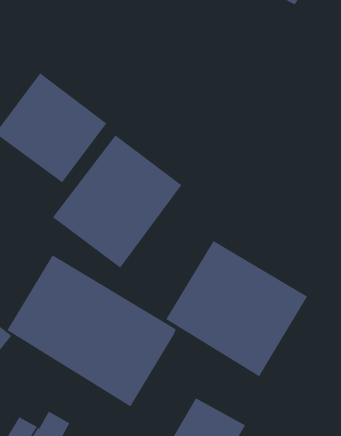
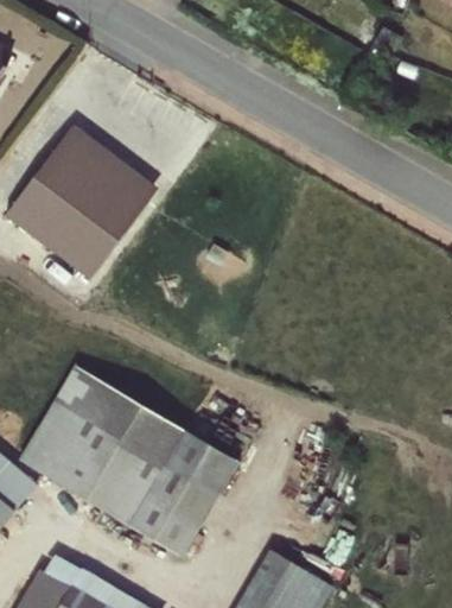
building: [52,135,182,268] -> none
building: [165,240,308,377] -> none

